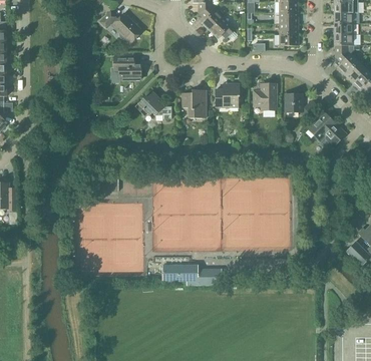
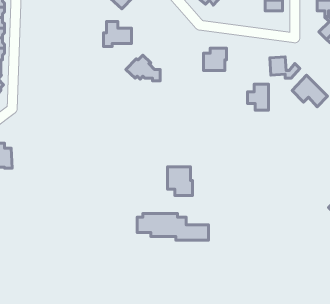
building: [254,82,276,109] -> [248,84,269,110]
building: [181,88,205,117] -> none
building: none -> [167,167,192,195]

